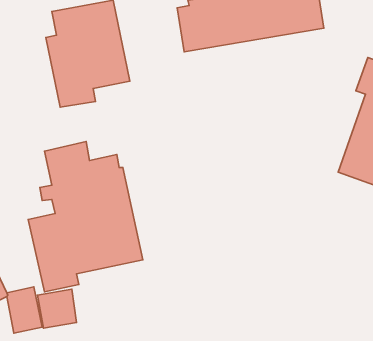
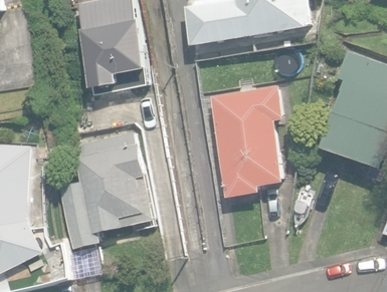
building: none -> [209,85,284,197]

